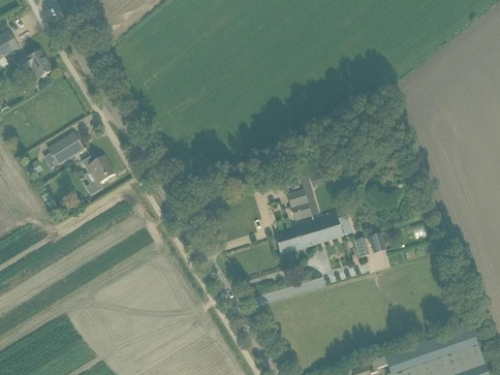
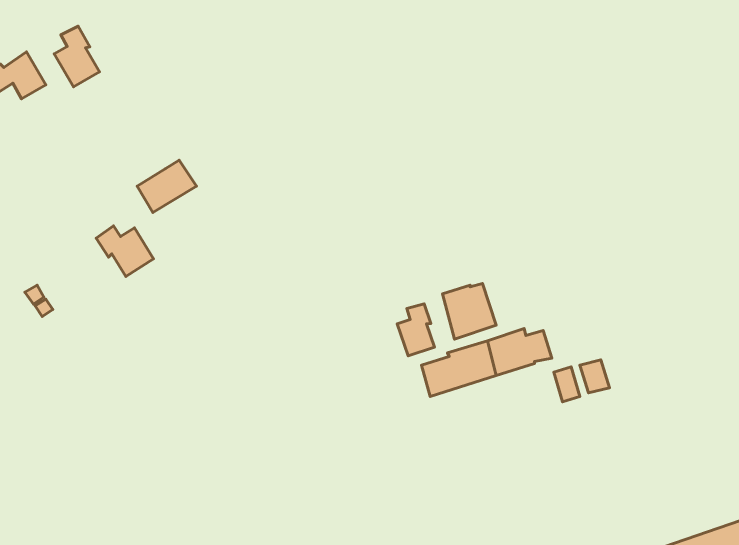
building: none -> [54,26,100,87]
building: [49,132,84,163] -> [137,160,196,212]
building: none -> [397,304,434,356]

